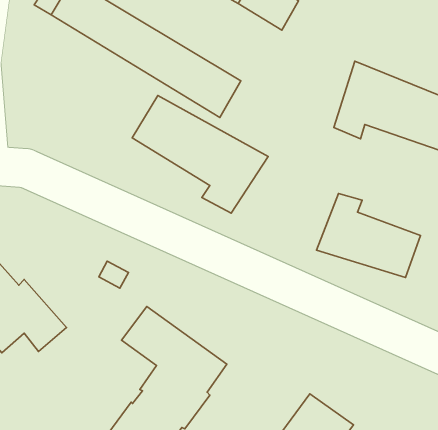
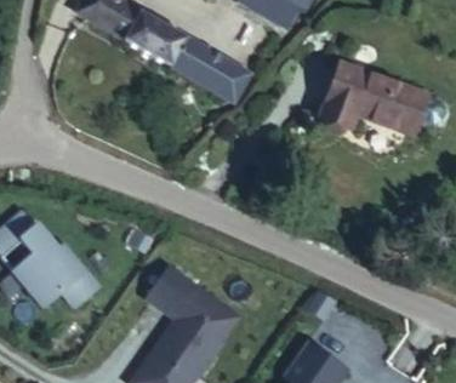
building: [132,95,268,213] -> none
building: [317,193,420,277] -> none

